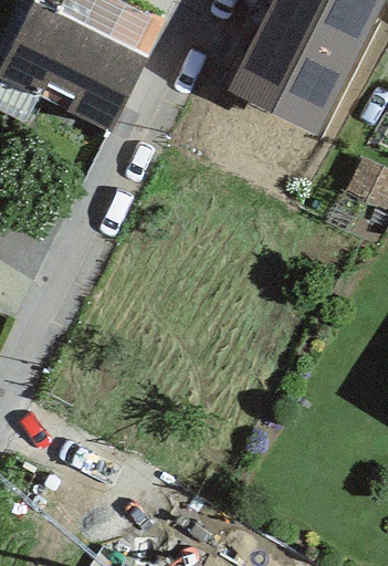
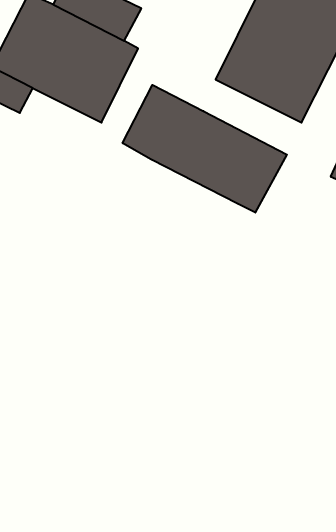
building: none -> [123,85,287,213]

